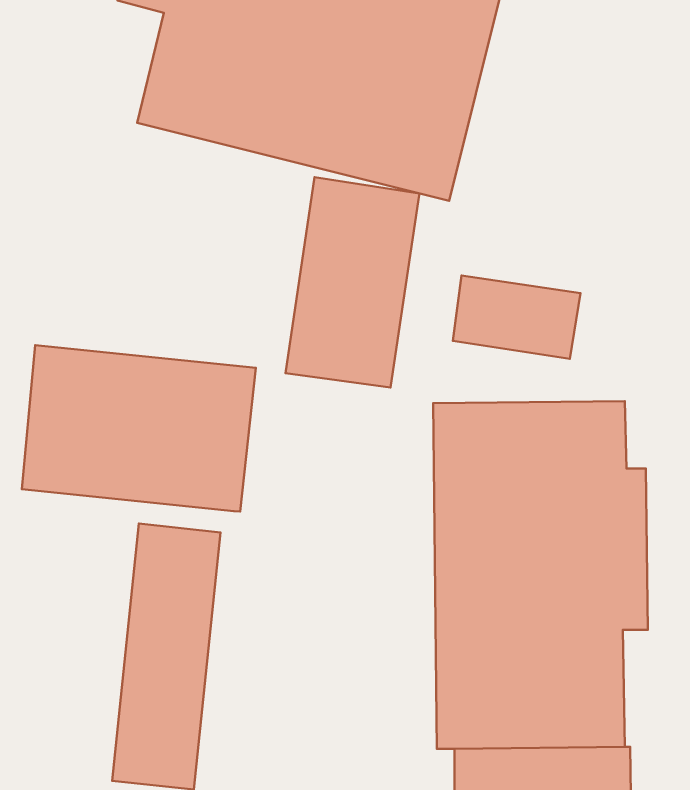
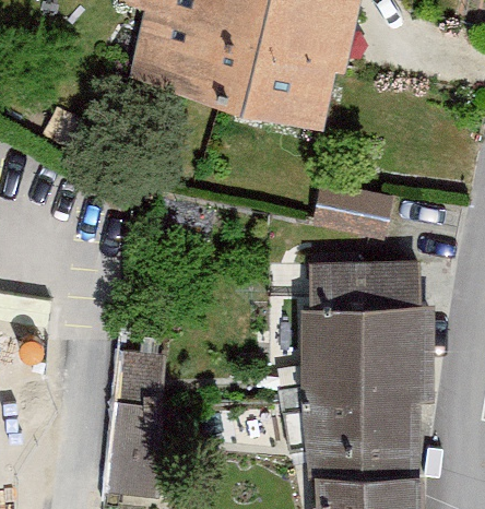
building: [285,177,419,387] -> none
building: [22,345,256,512] -> none

